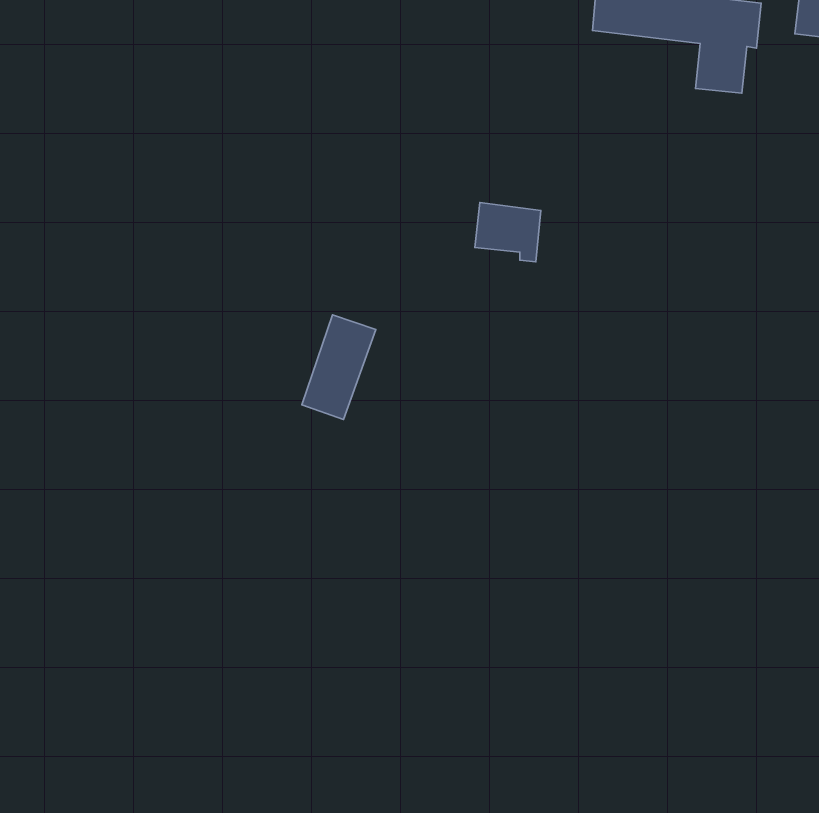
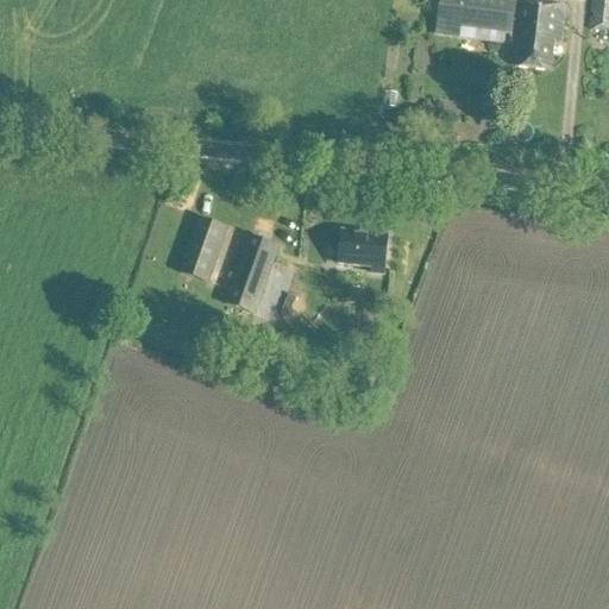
building: [475,202,541,262] -> [339,228,388,272]
building: none -> [180,216,230,282]

